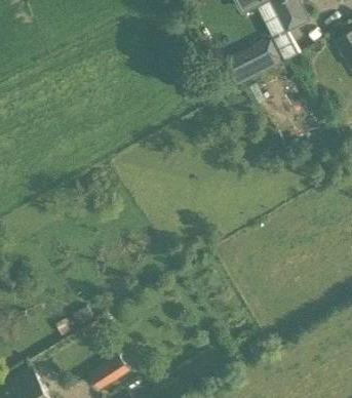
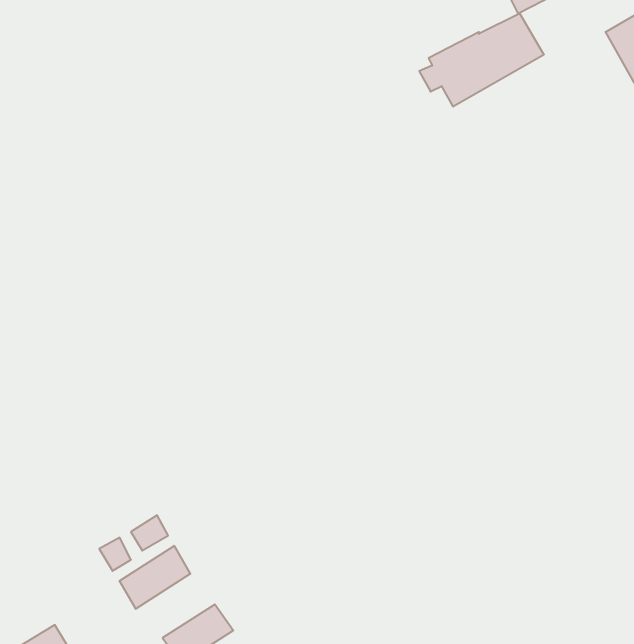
building: none -> [120,546,190,609]

